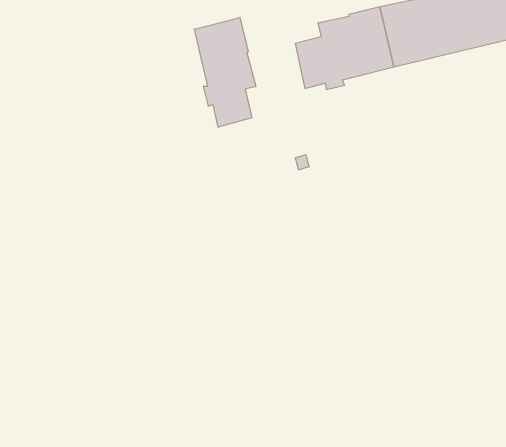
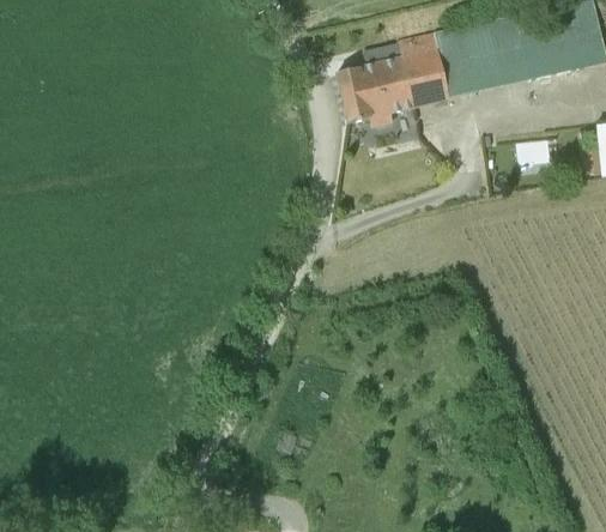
building: [194,17,256,127] -> none

